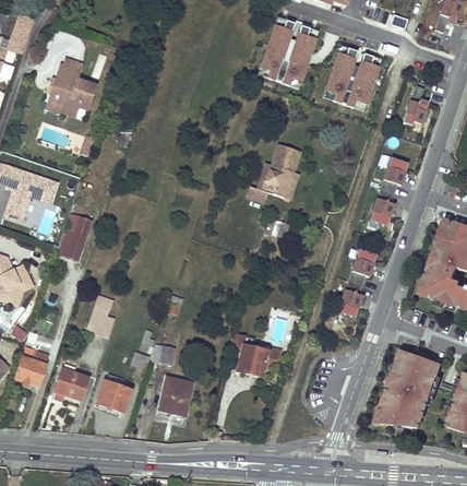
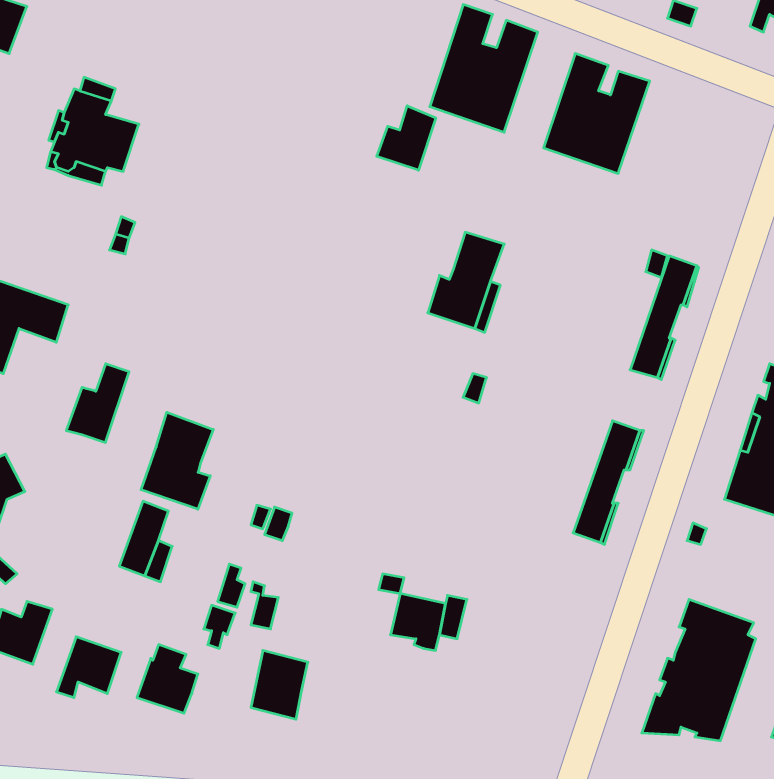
building: none -> [377,106,436,170]
building: [404,85,429,125] -> none
building: none -> [141,412,213,509]

